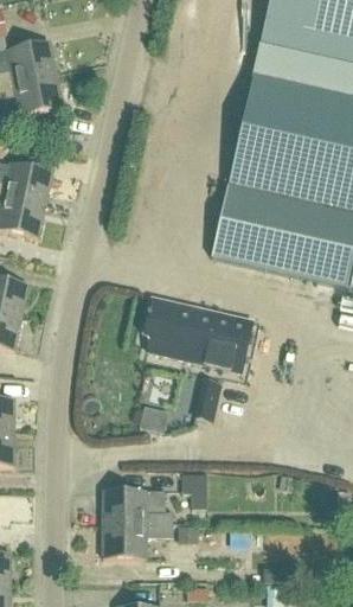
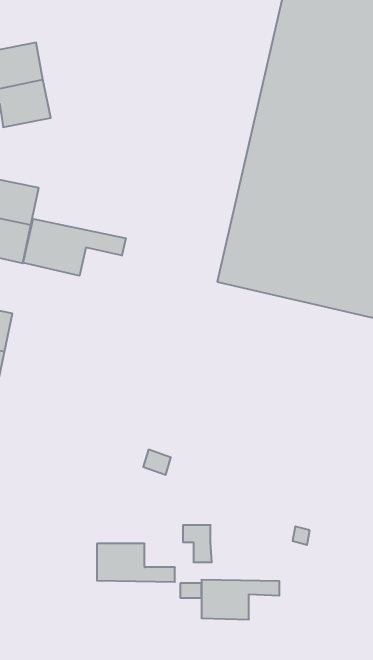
building: none -> [23,219,126,276]
building: [141,298,252,372] -> none
building: [103,524,173,560] -> [201,580,279,619]

